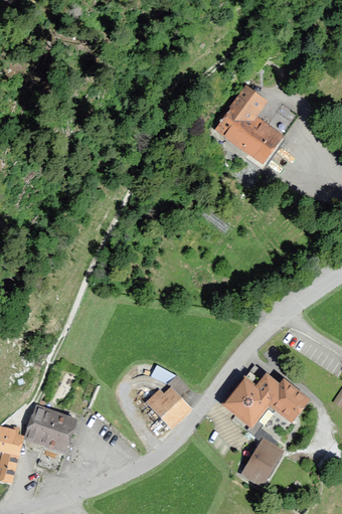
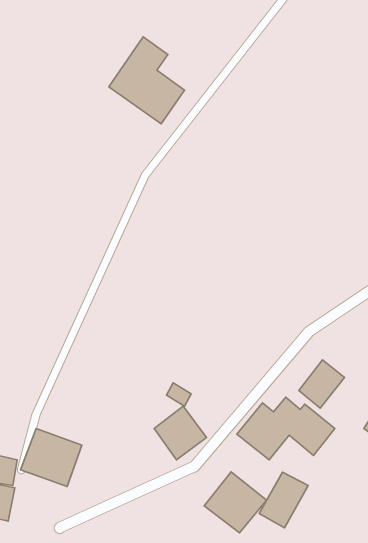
building: [212,85,281,164] -> [109,37,185,124]
building: none -> [299,360,345,408]
building: none -> [204,472,267,533]

